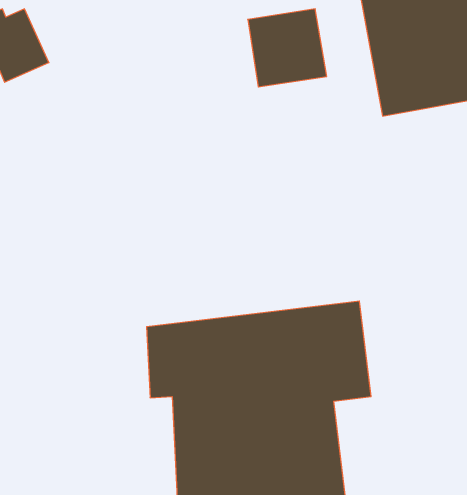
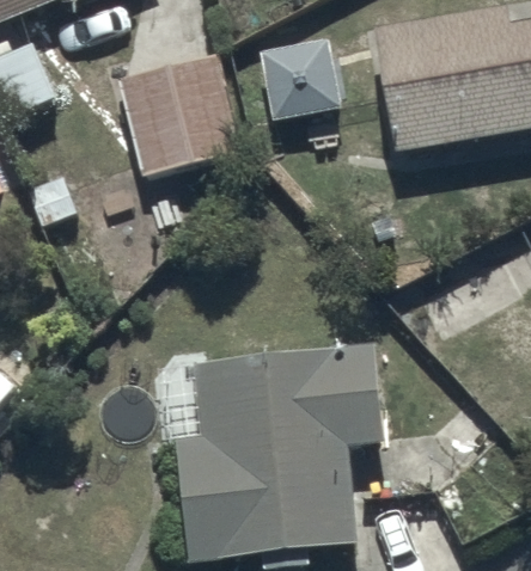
building: none -> [121,55,239,176]

